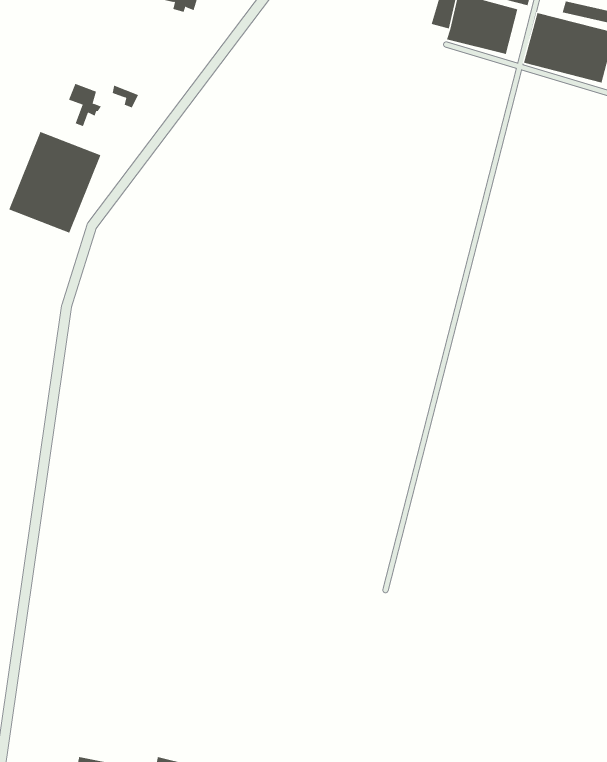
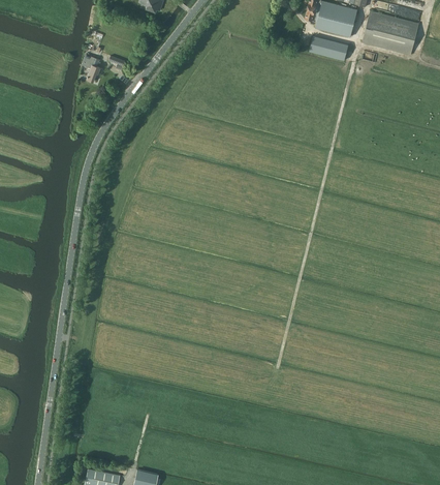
building: none -> [310,36,349,61]
building: [9,131,101,233] -> none

